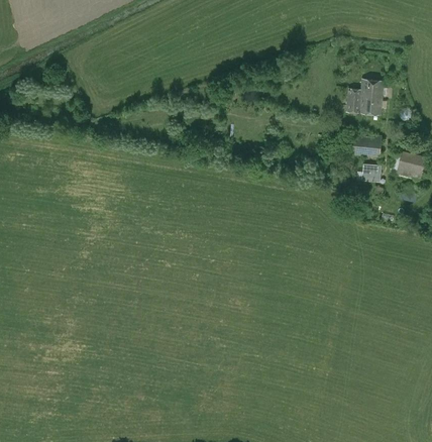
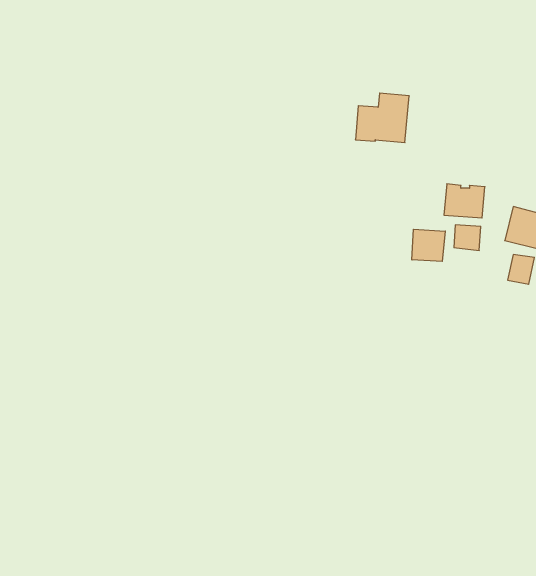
building: [345,79,384,114] -> [355,93,409,143]
building: none -> [412,229,445,261]

